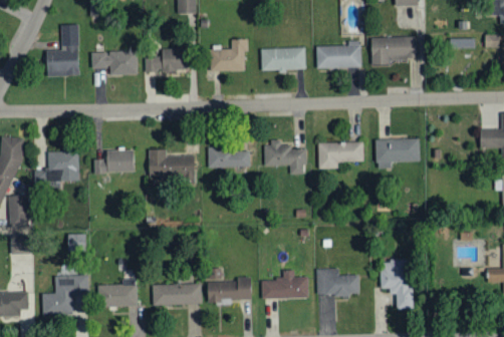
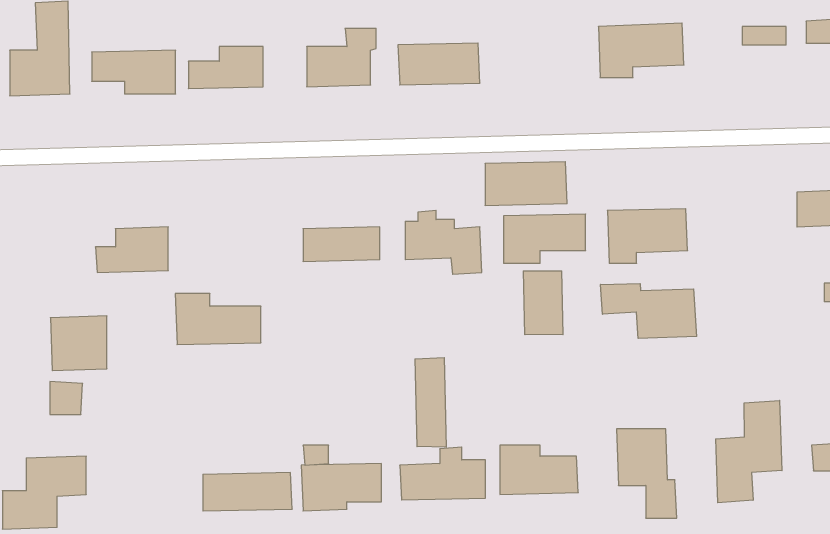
building: [316,44,361,68] -> [485,162,567,205]
building: [148,149,195,178] -> [175,294,261,345]
building: [47,151,78,182] -> [50,316,107,371]
building: none -> [523,271,563,335]
building: none -> [601,284,697,338]
building: none -> [415,358,446,447]
building: none -> [716,400,782,503]
building: [97,285,138,307] -> none

